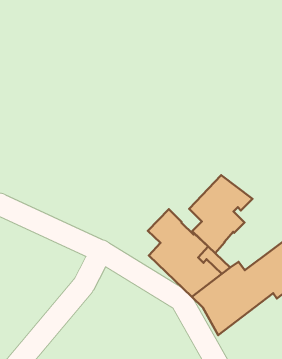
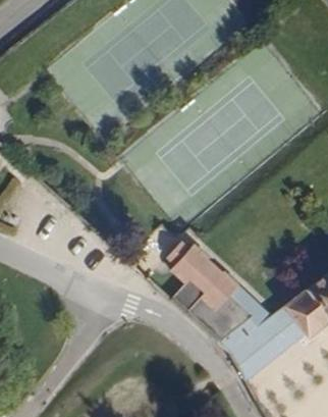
building: [189,175,253,253] -> none

